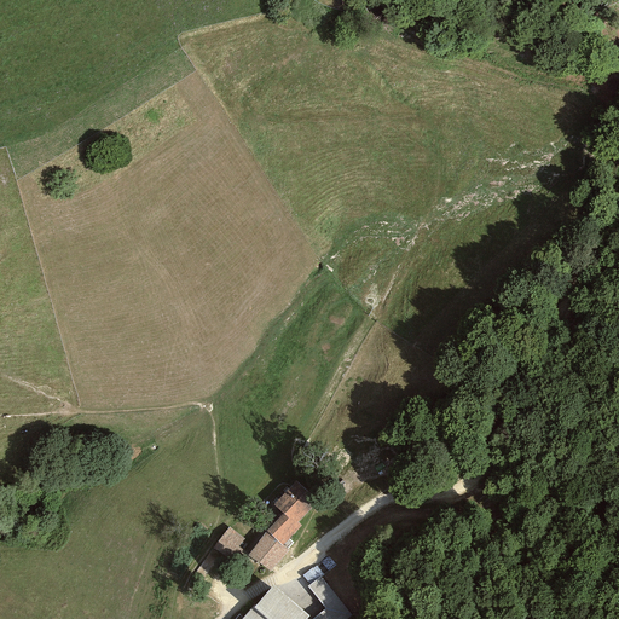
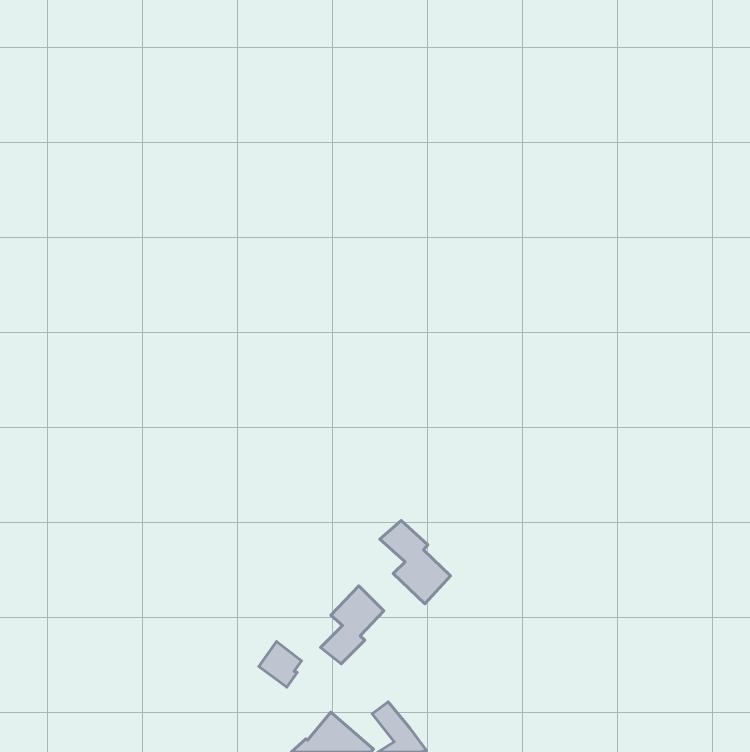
building: none -> [380,521,450,604]
building: [247,532,287,572] -> none

